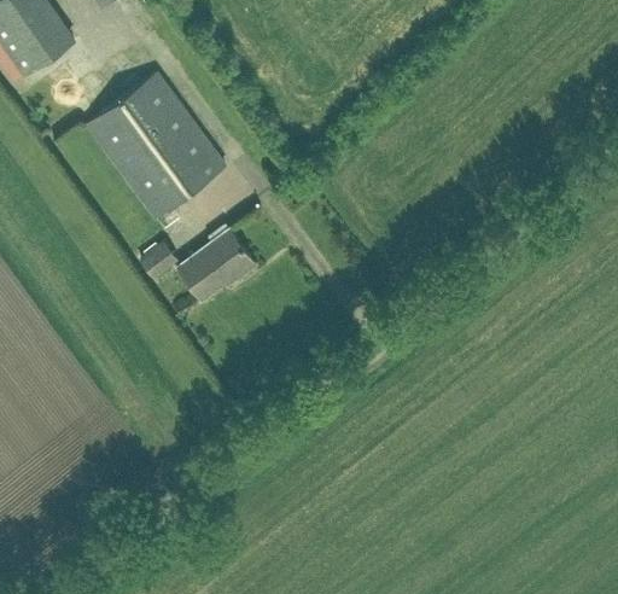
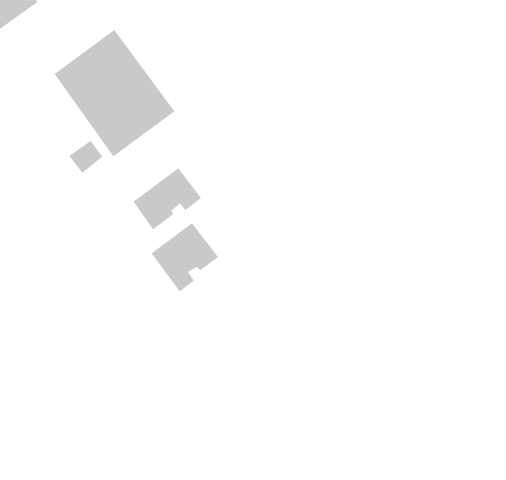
building: [139,243,179,281] -> [68,140,104,174]
building: none -> [151,222,219,292]

